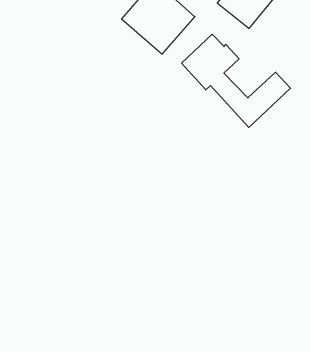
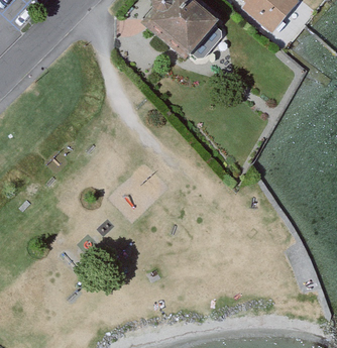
building: [182,34,291,127] -> none

